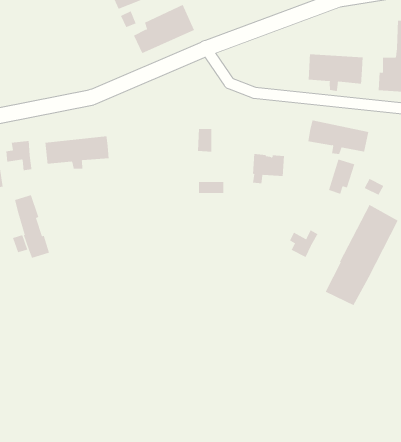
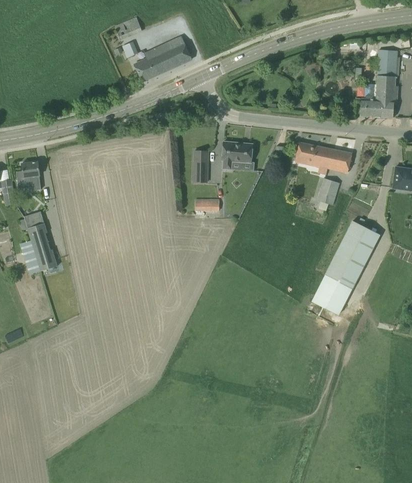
building: [308,54,363,92] -> none
building: [45,135,109,169] -> none
building: [252,154,285,184] -> [222,141,252,169]
building: [289,230,319,258] -> none

